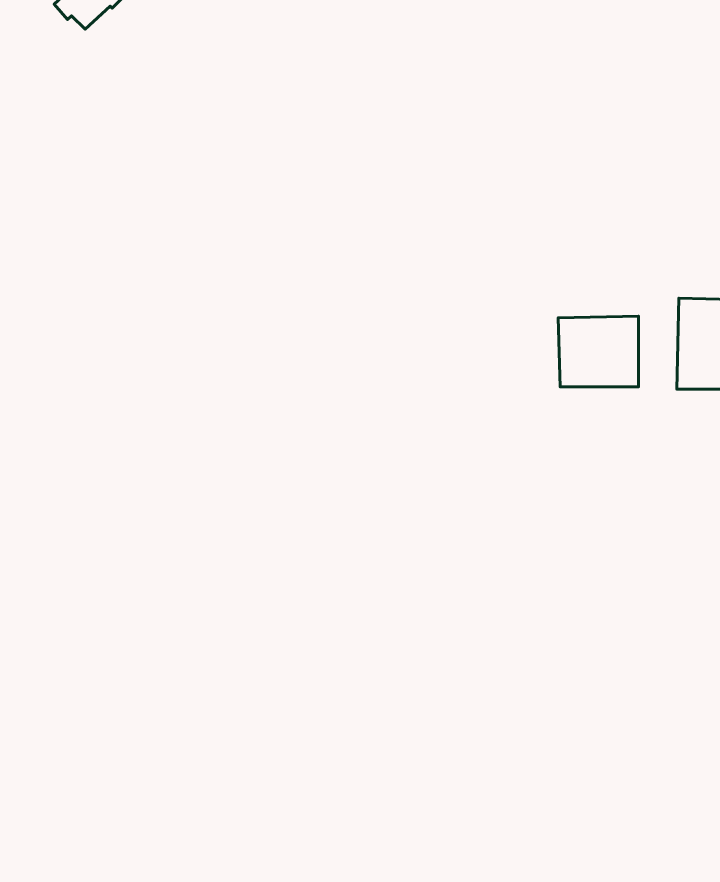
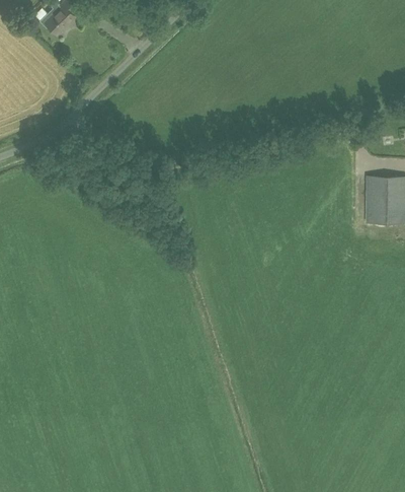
building: [558,316,639,387] -> none

